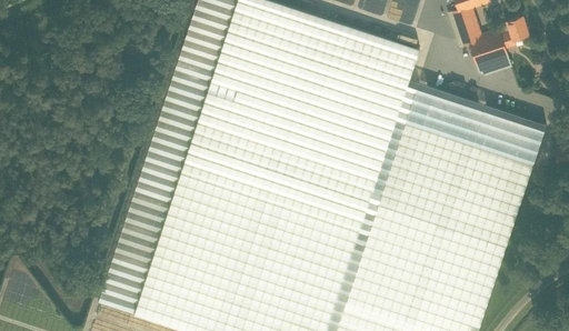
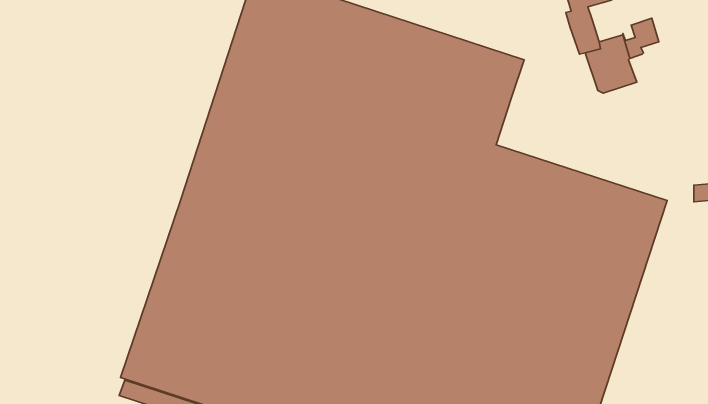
building: [397,80,546,162] -> none

